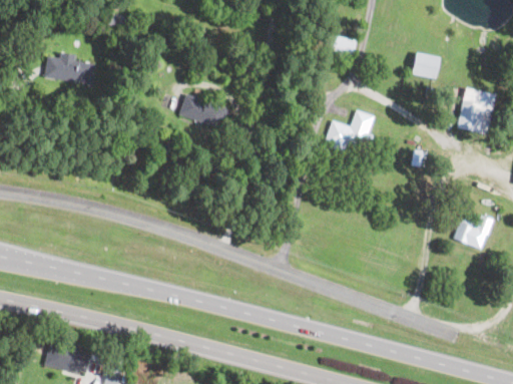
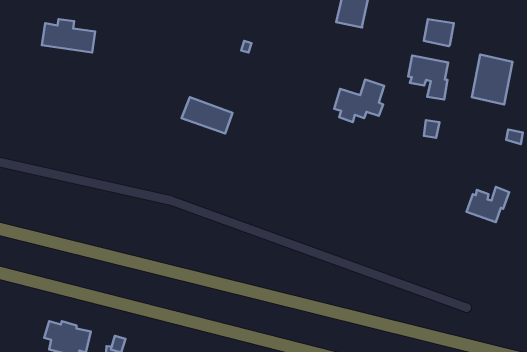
building: none -> [408,56,448,100]
building: [178,93,227,128] -> [181,97,233,134]

